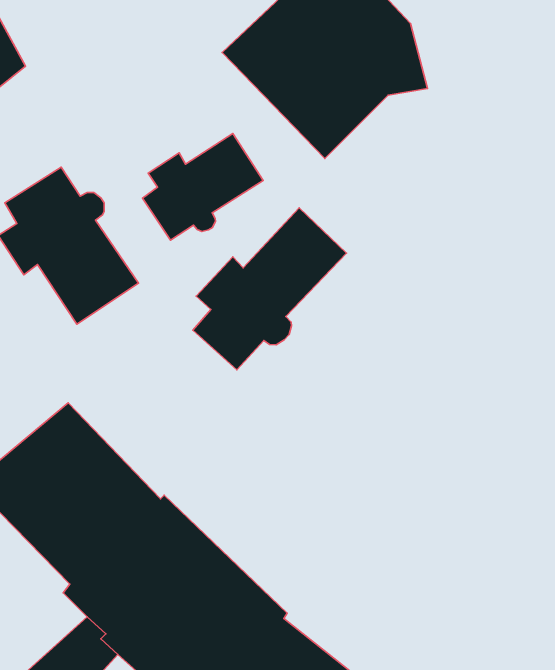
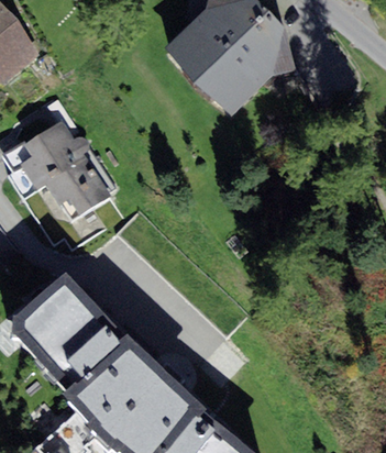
building: [142,133,263,240] -> none
building: [193,208,347,370] -> none

